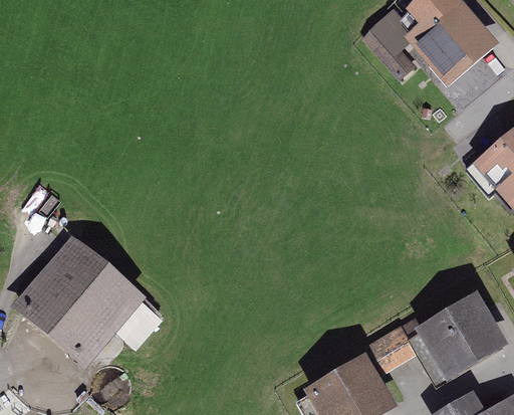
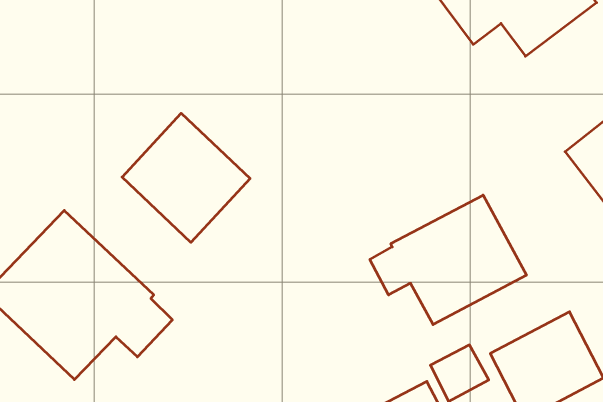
building: none -> [122,113,250,242]
building: none -> [370,195,526,325]

